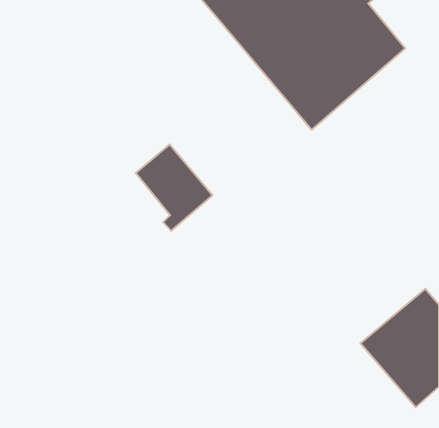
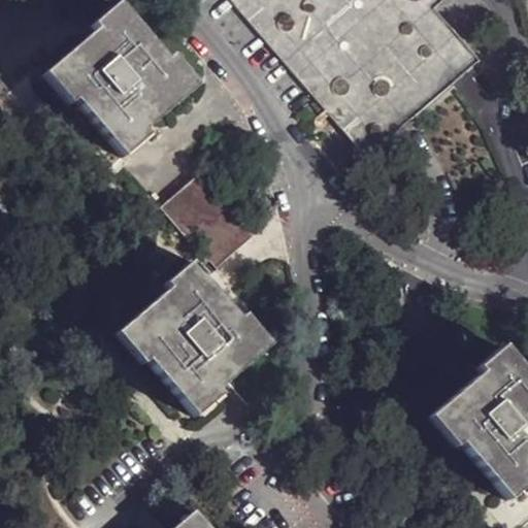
building: none -> [52,12,195,156]
building: none -> [122,265,263,410]

